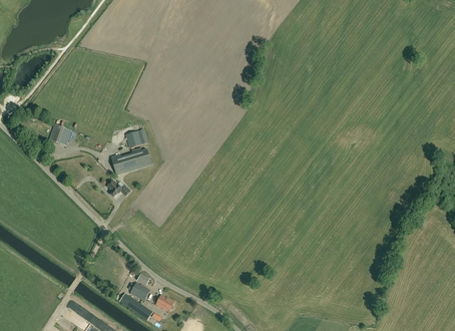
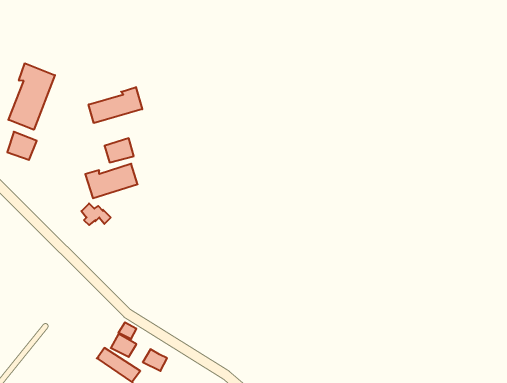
building: none -> [8,63,55,130]
building: none -> [89,87,142,123]

